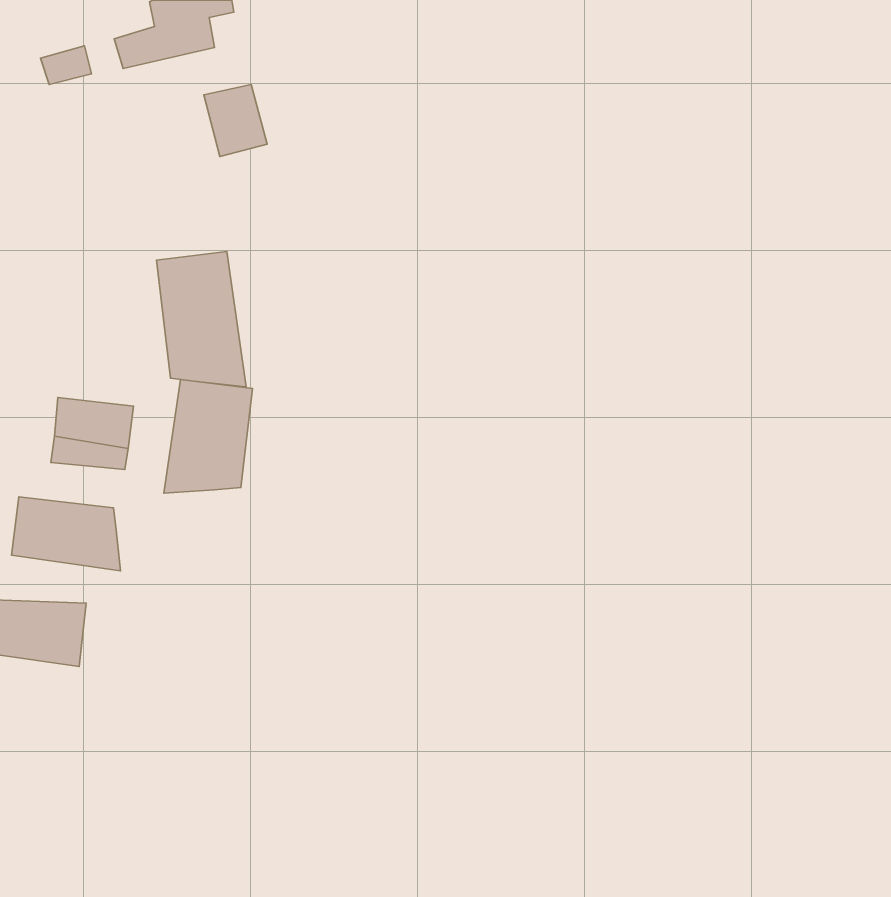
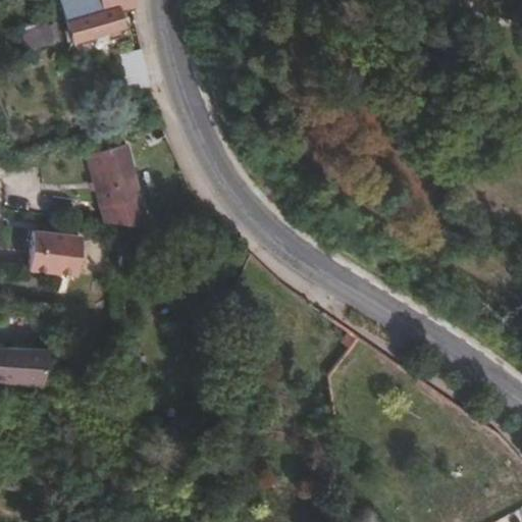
building: [164,380,253,493] -> none
building: [11,497,120,571] -> none

